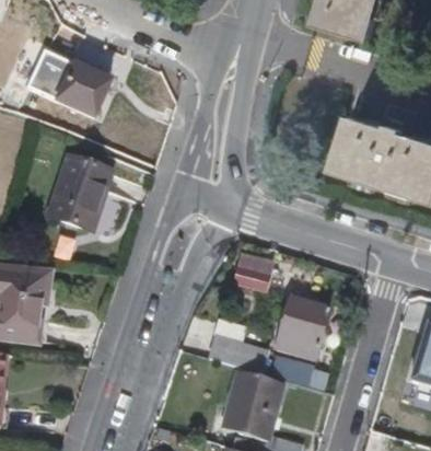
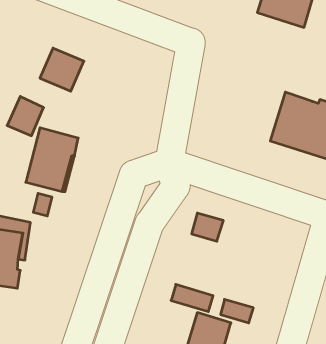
building: [31,54,73,100] -> [7,96,44,136]
building: [279,299,331,359] -> none

